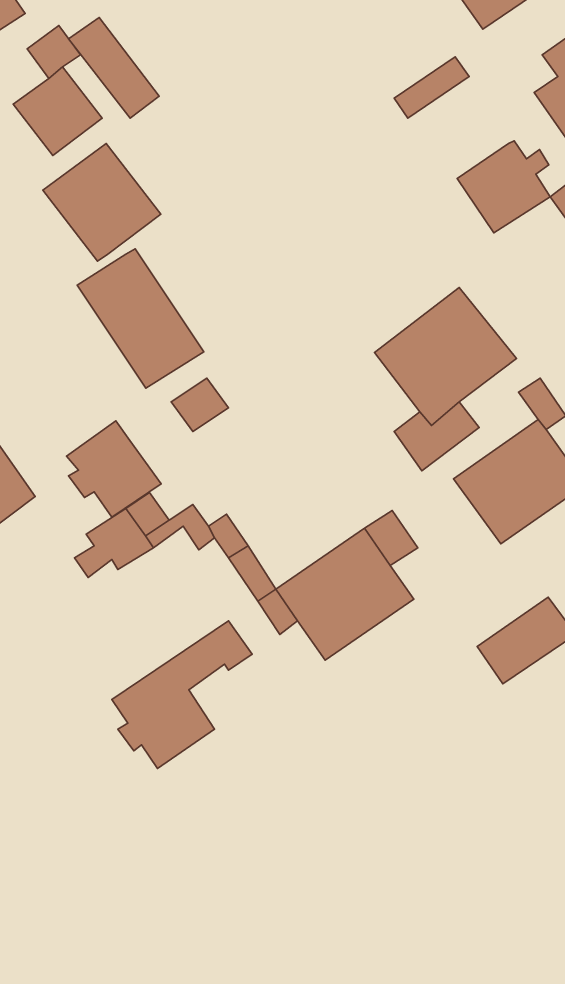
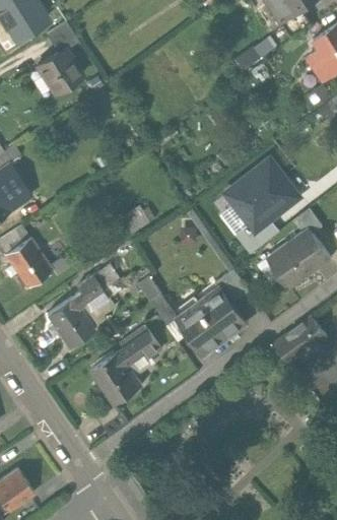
building: [69,18,159,118] -> none
building: [457,141,550,233] -> none
building: [43,143,161,261] -> none
building: [77,249,204,388] -> none
building: [67,421,161,517] -> [46,298,94,347]

